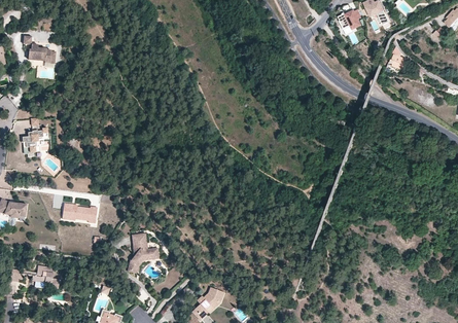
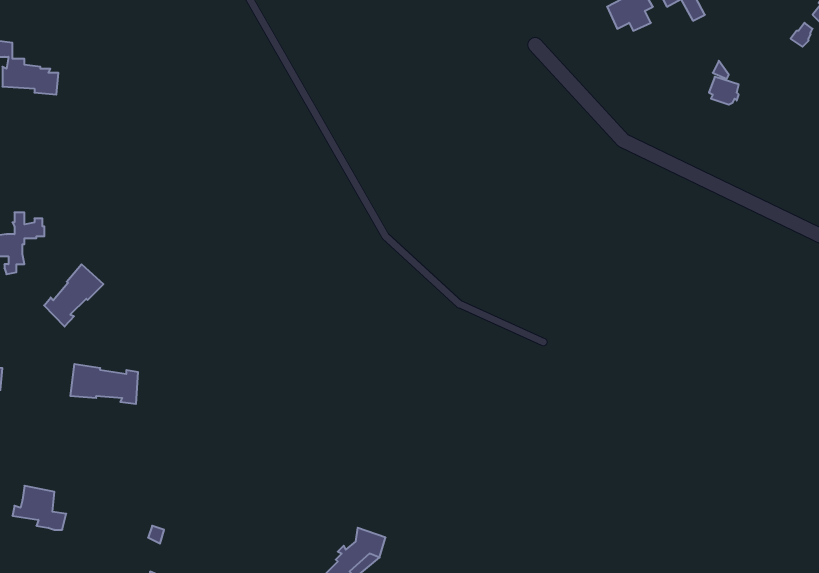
building: none -> [44,264,103,327]
building: [128,232,158,271] -> none

